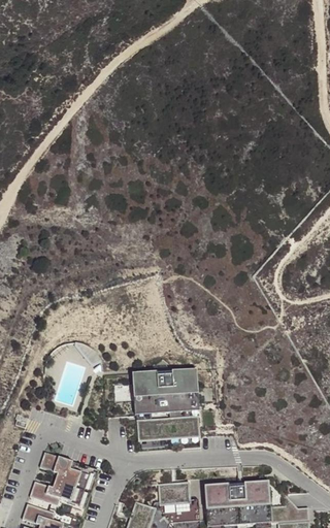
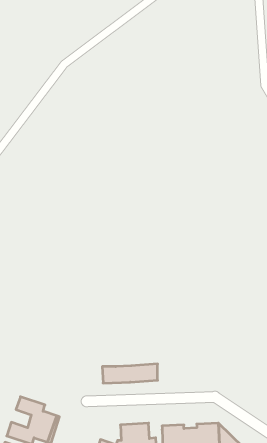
building: [134,369,201,416] -> none

